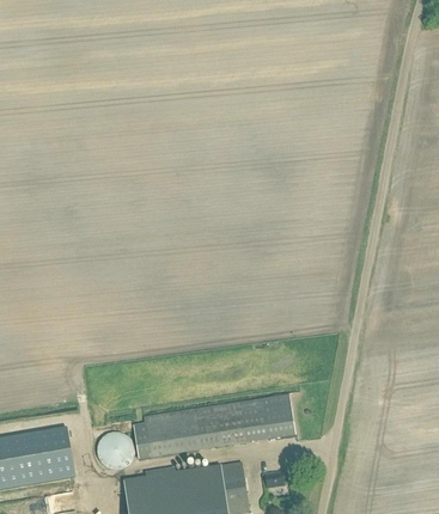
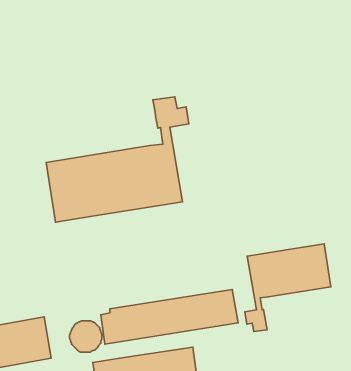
building: none -> [46,97,189,222]
building: none -> [245,244,331,331]

